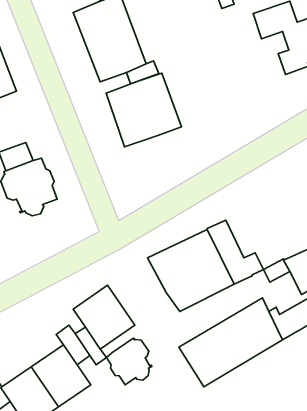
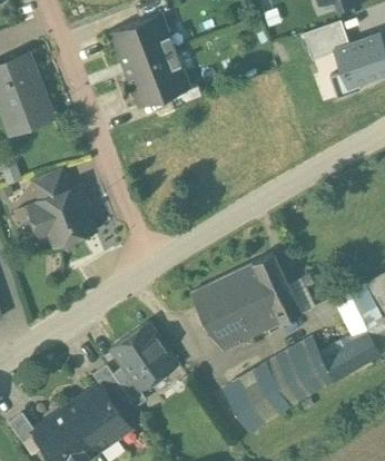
building: [106,73,182,147] -> none
building: [107,338,152,385] -> none

